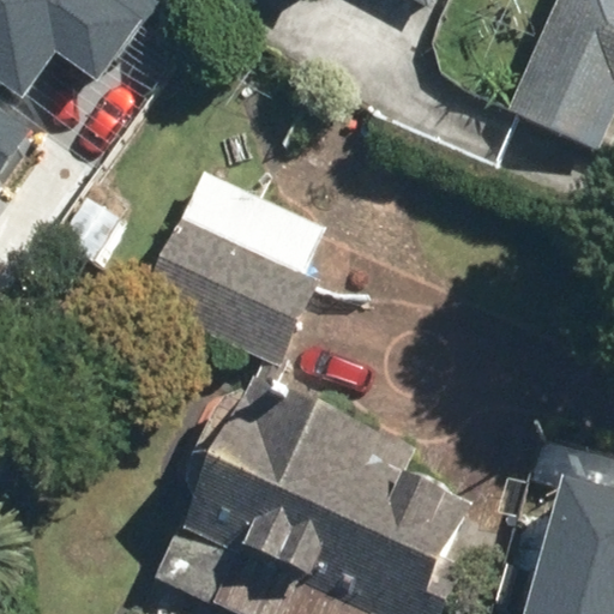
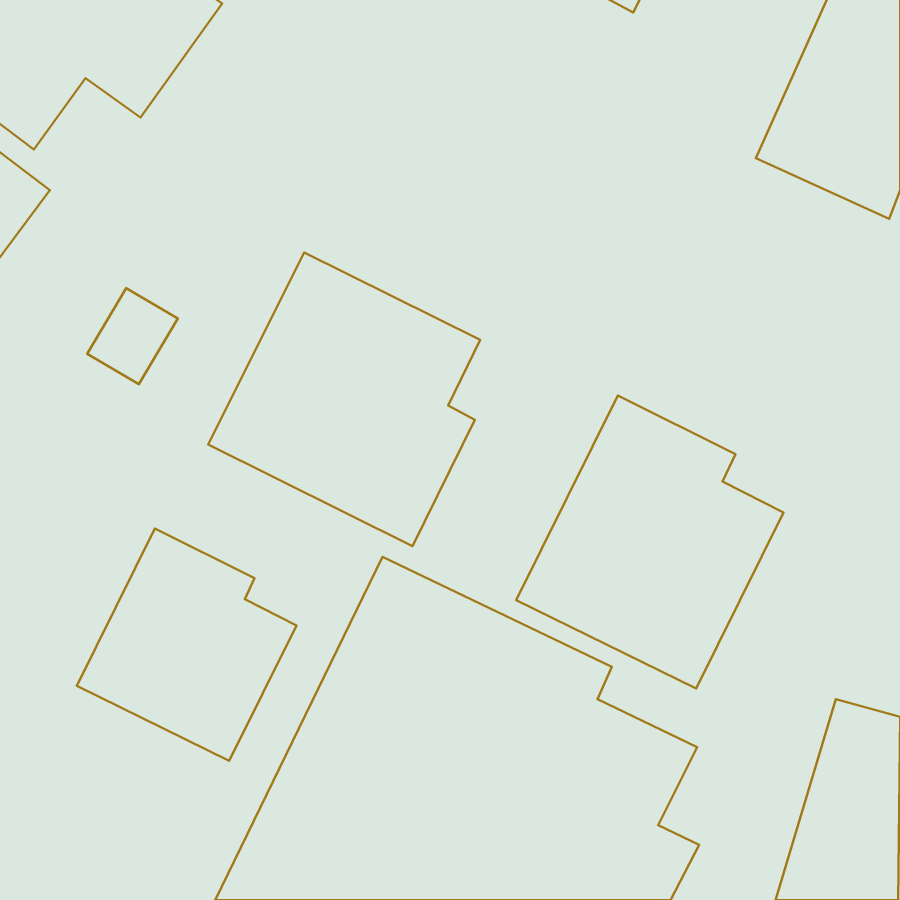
building: none -> [516,395,784,689]
building: none -> [77,528,297,761]

